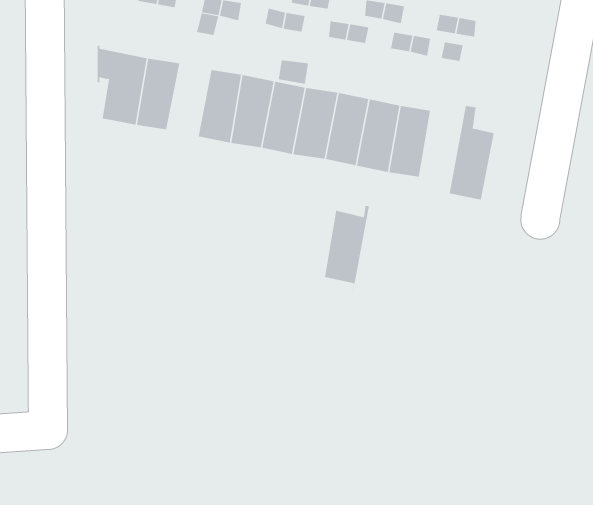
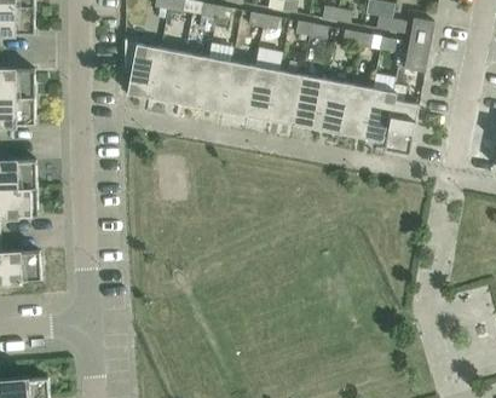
building: none -> [404,18,434,73]
building: none -> [175,53,208,108]
building: [324,205,370,293] -> [363,85,397,150]

